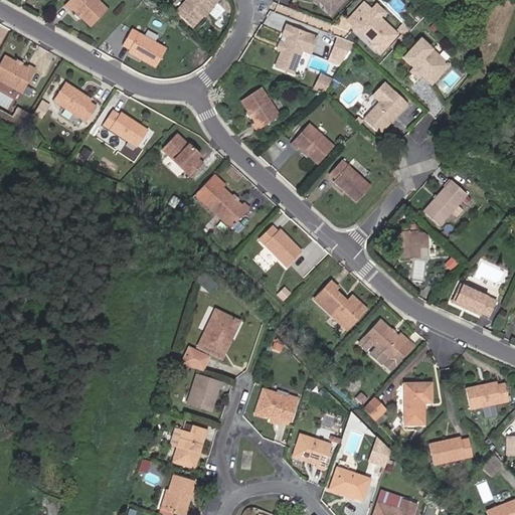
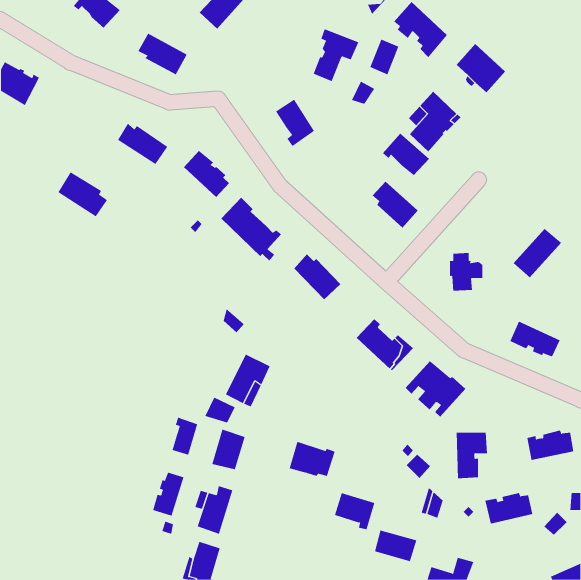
building: [53,81,98,122] -> [58,172,108,217]
building: [291,124,333,162] -> [382,133,430,176]
building: [422,180,466,224] -> [513,228,562,278]
building: none -> [172,417,198,456]
building: none -> [152,472,184,517]

